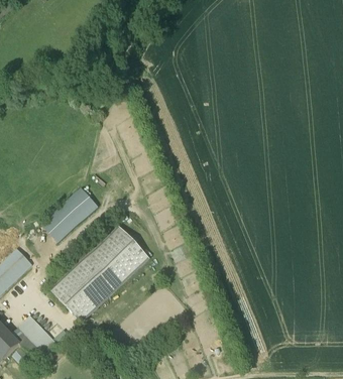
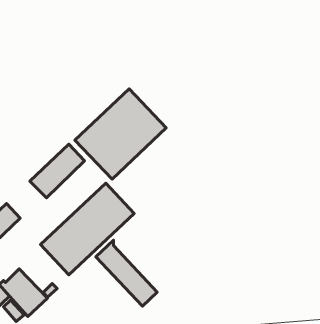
building: none -> [75,89,166,179]
building: none -> [96,240,157,306]

